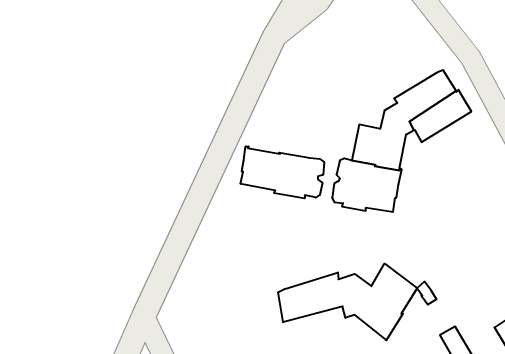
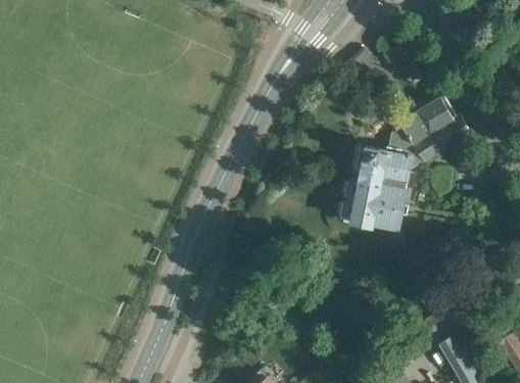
building: [241,146,324,198] -> none
building: [278,264,417,340] -> none

